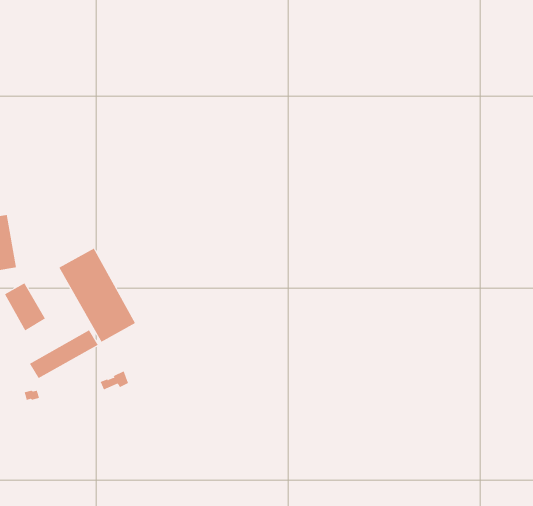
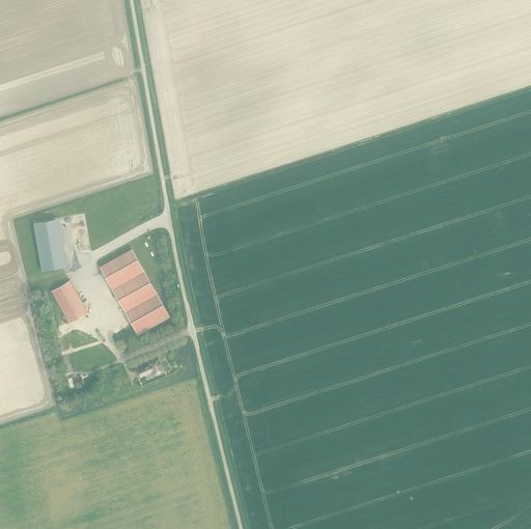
building: [29,330,98,379] -> none

